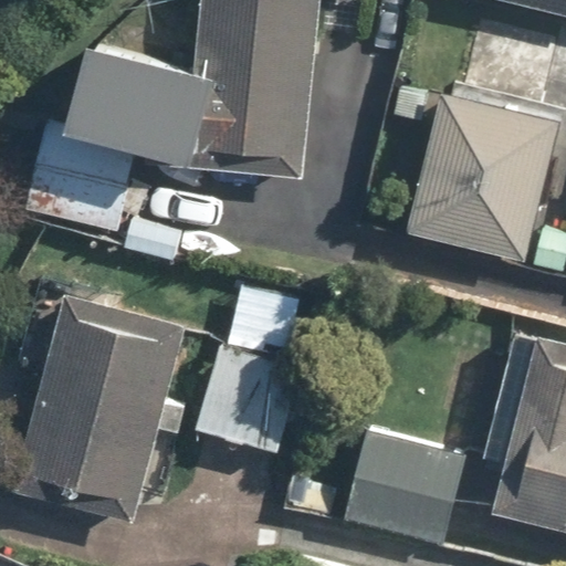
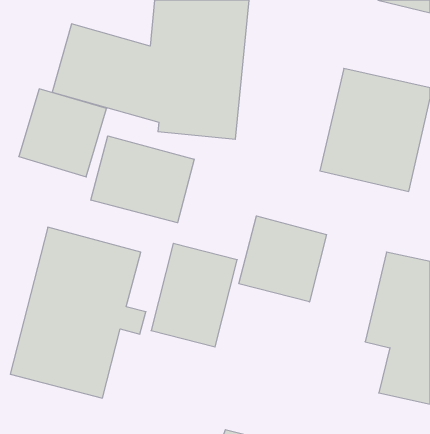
building: none -> [91,136,194,223]
building: none -> [239,216,327,302]
building: [346,428,467,541] -> none

